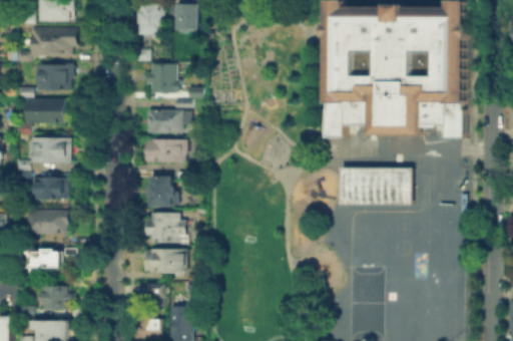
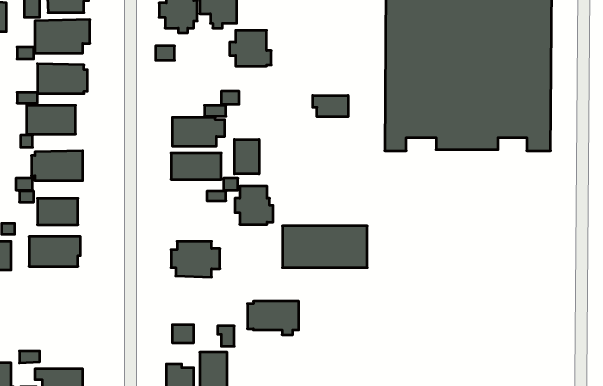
building: [144,62,179,92] -> [230,30,271,66]
building: none -> [313,95,348,117]
building: none -> [234,139,259,174]
building: [339,167,410,203] -> [282,226,367,268]
building: [144,175,176,207] -> [235,186,273,224]
building: [19,247,75,274] -> none
building: [143,248,186,276] -> [247,301,299,335]
building: [40,285,70,309] -> none

